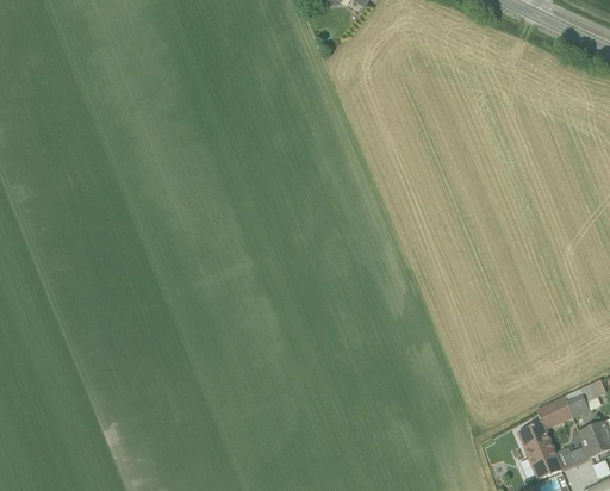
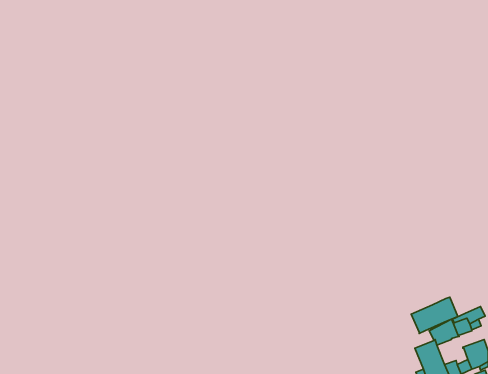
building: none -> [411,297,458,334]

